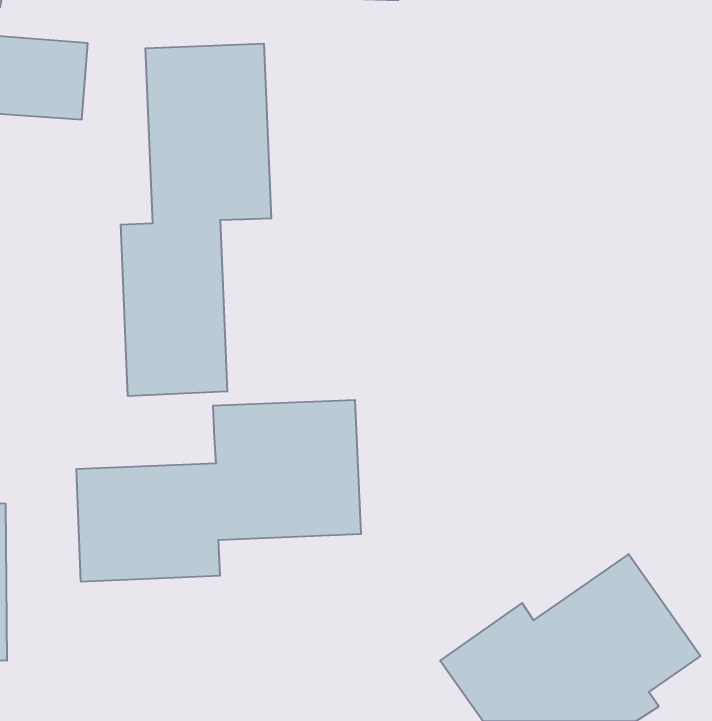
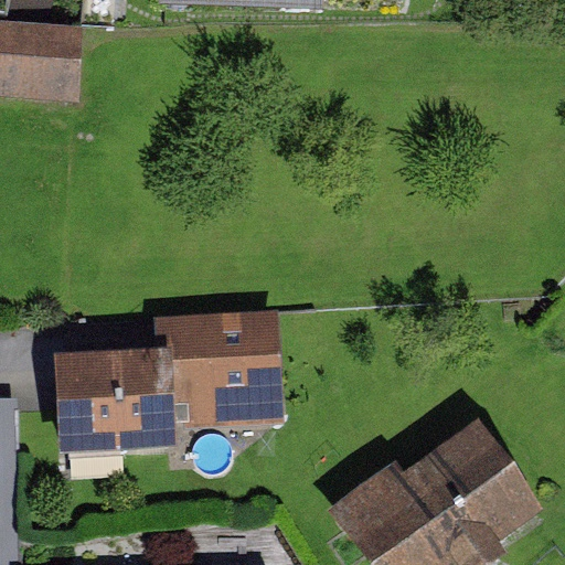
building: [121,44,271,396] -> none

